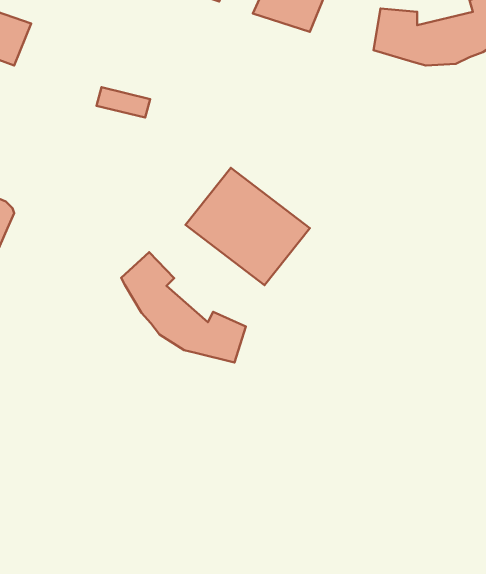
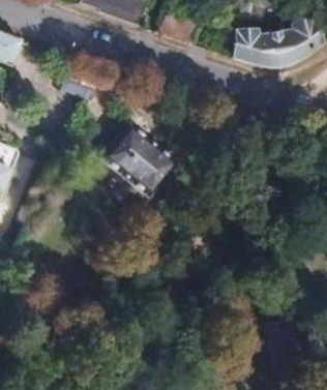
building: [121,252,246,363] -> none

